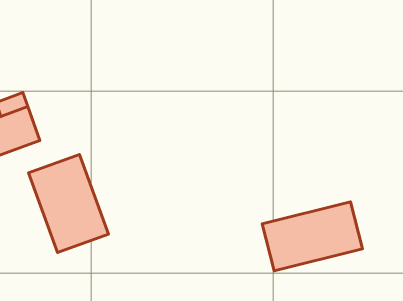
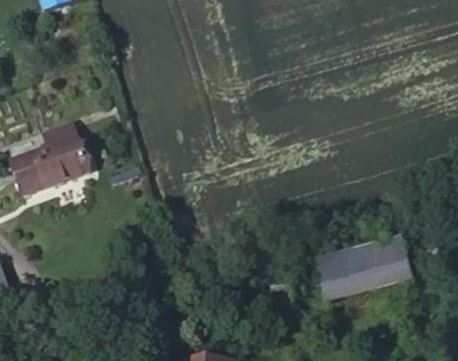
building: [29,155,109,253] -> none

